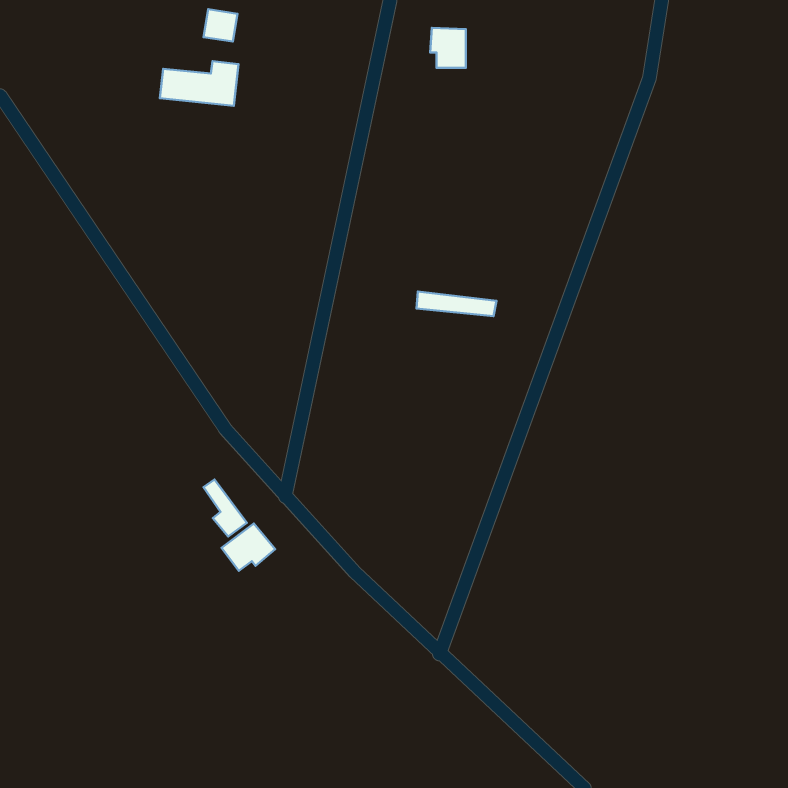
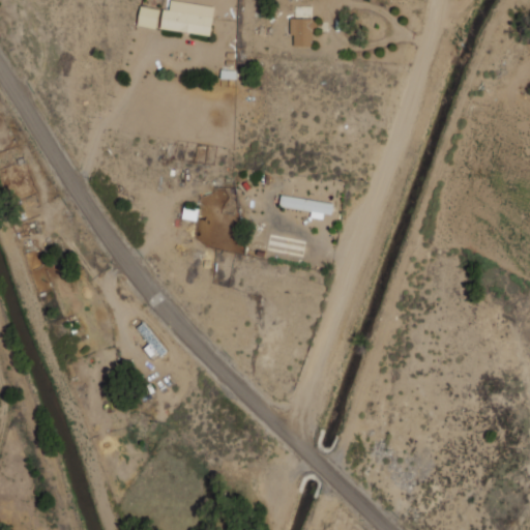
building: [160,61,239,106] -> [160,4,213,34]
building: [221,523,275,571] -> none

